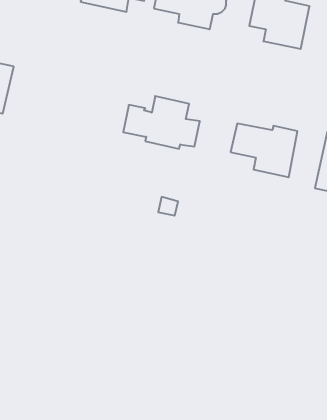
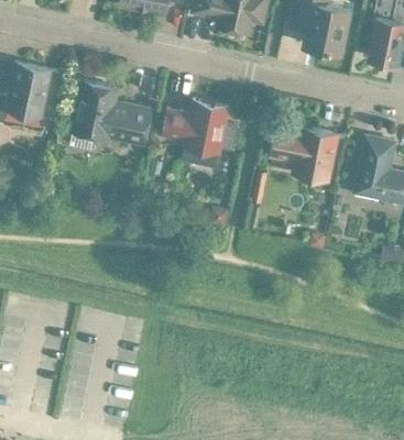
building: none -> [72,81,153,145]

